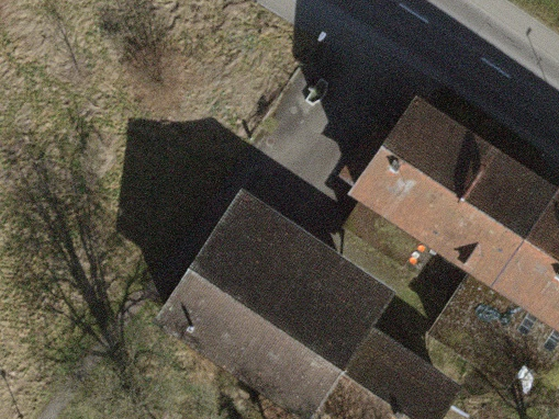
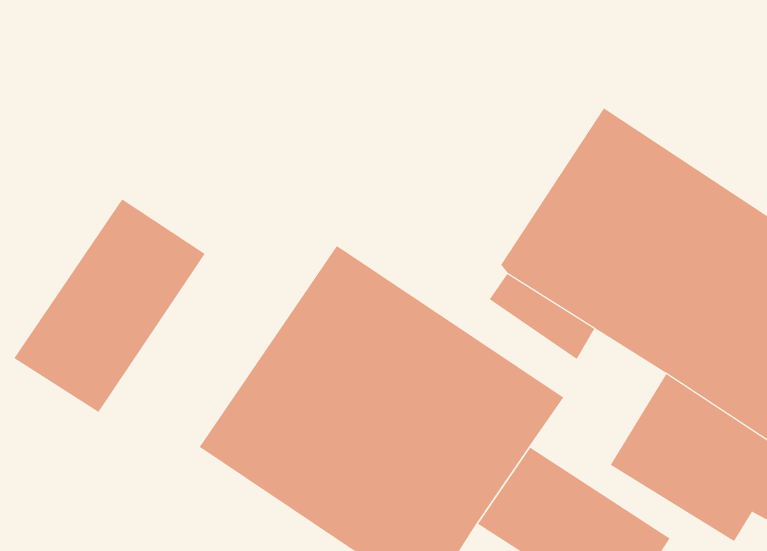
building: none -> [14,198,205,413]

